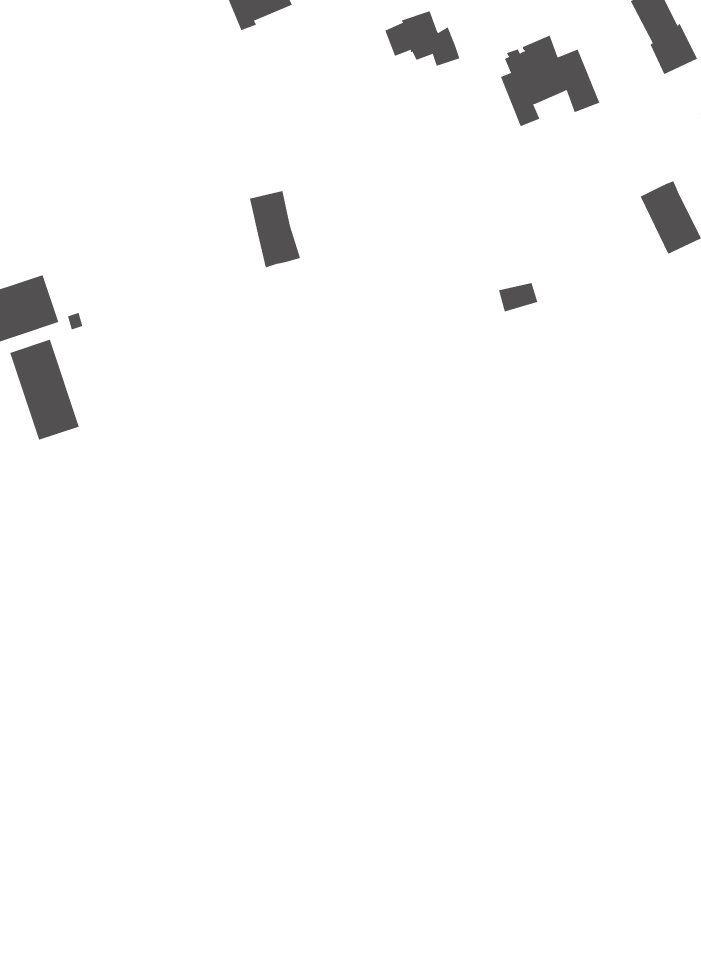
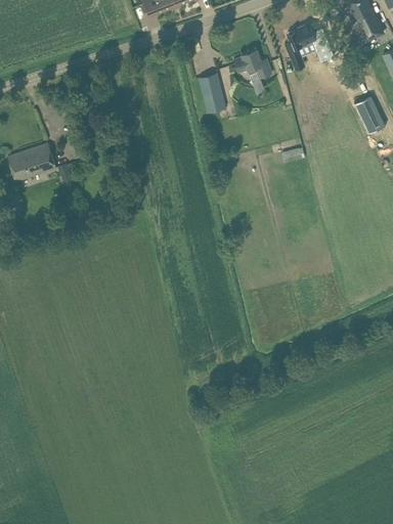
building: [384,10,460,66] -> [232,49,271,78]
building: [249,190,301,268] -> [199,73,225,113]
building: [9,339,80,441] -> none

